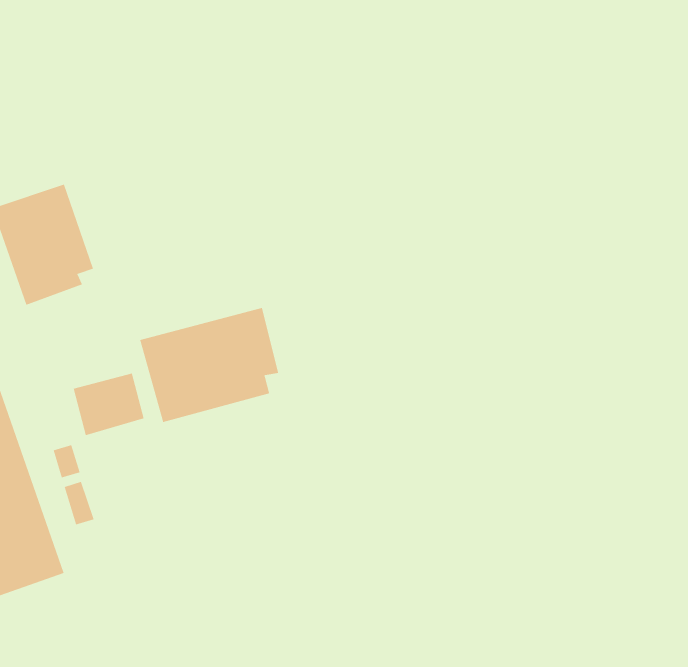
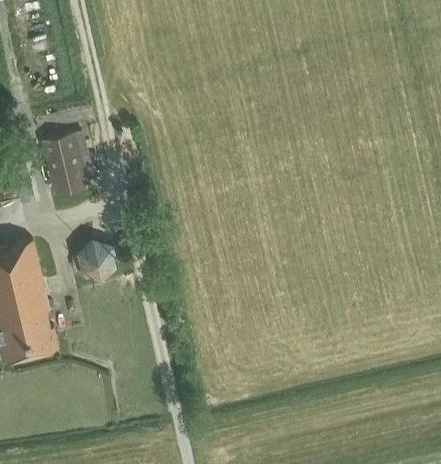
building: [139,307,279,423] -> none

